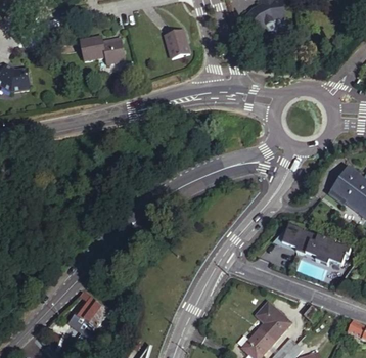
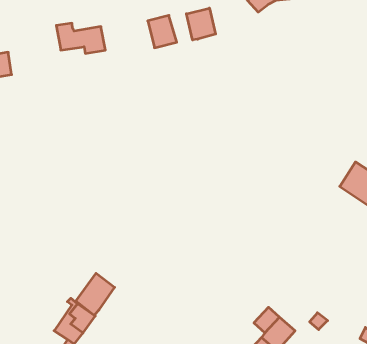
building: none -> [186,8,216,40]
building: [279,225,347,262] -> none
building: none -> [76,273,115,315]

